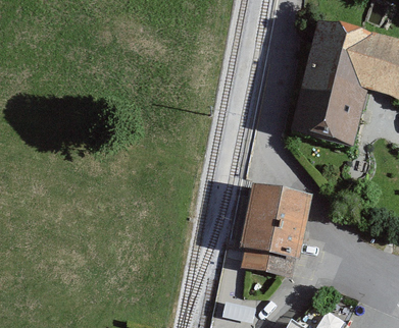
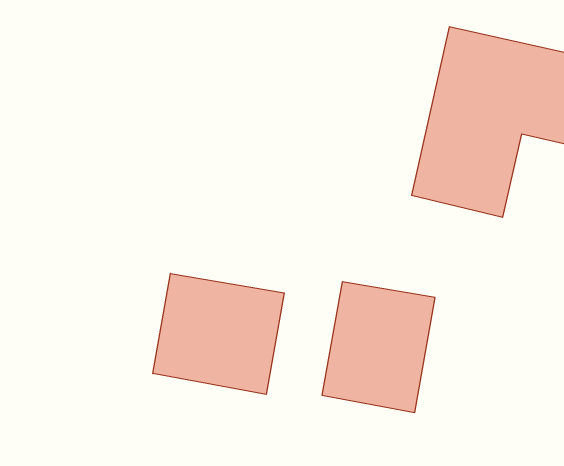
building: none -> [153,273,284,394]

